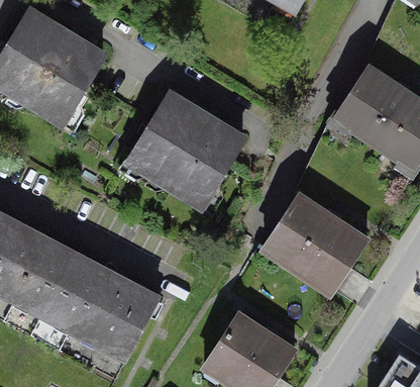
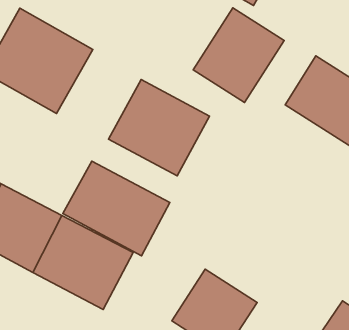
building: none -> [193,8,284,103]
building: none -> [63,161,170,256]
building: [262,192,374,297] -> none

